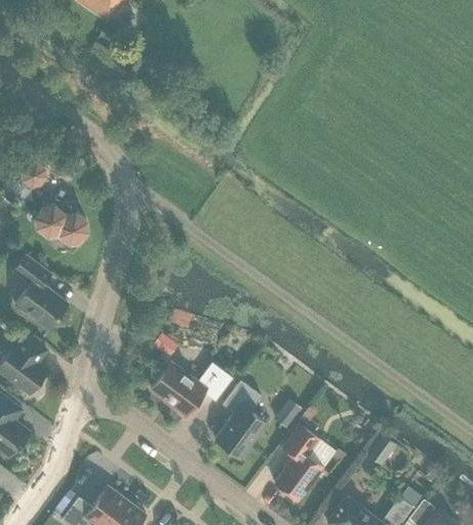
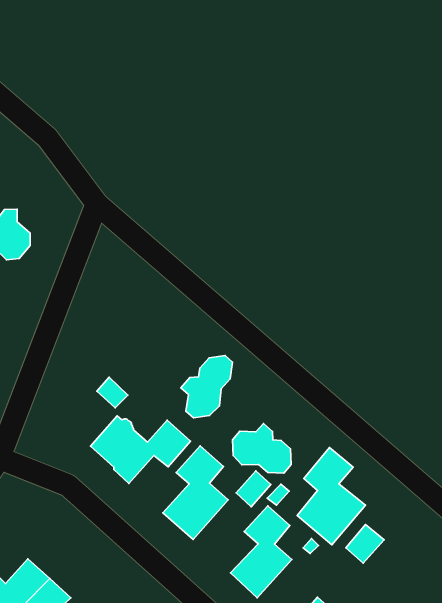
building: none -> [181,355,233,418]
building: none -> [232,423,291,473]
building: none -> [297,447,365,545]

